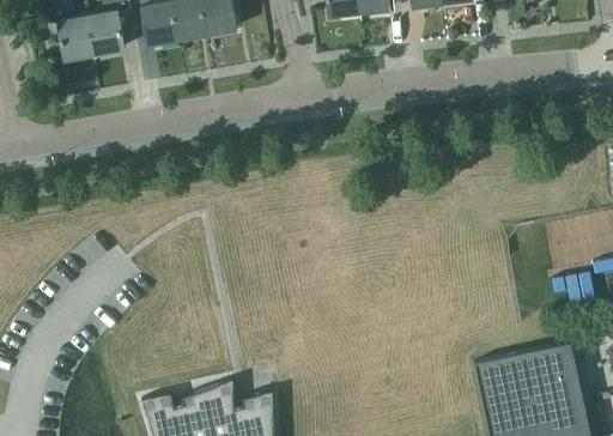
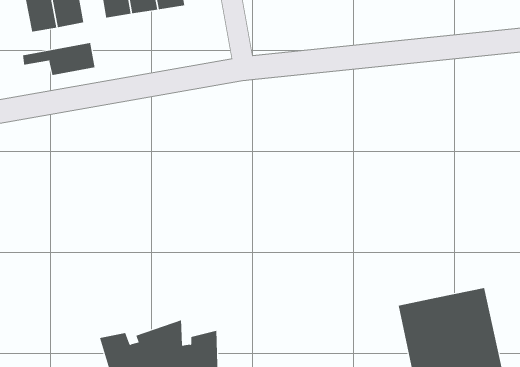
building: none -> [22,42,95,76]

